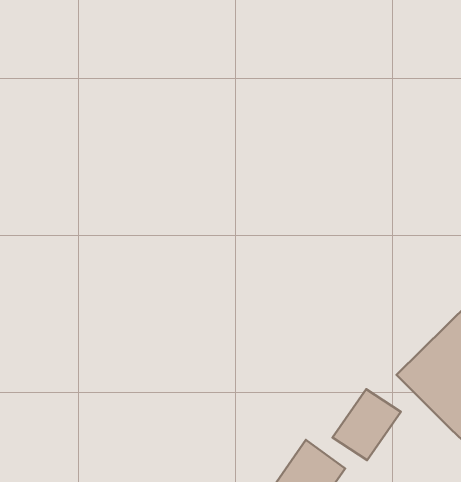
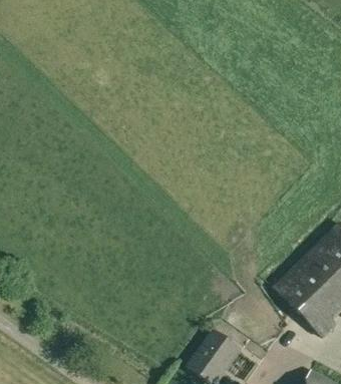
building: [333,389,401,460] -> none

